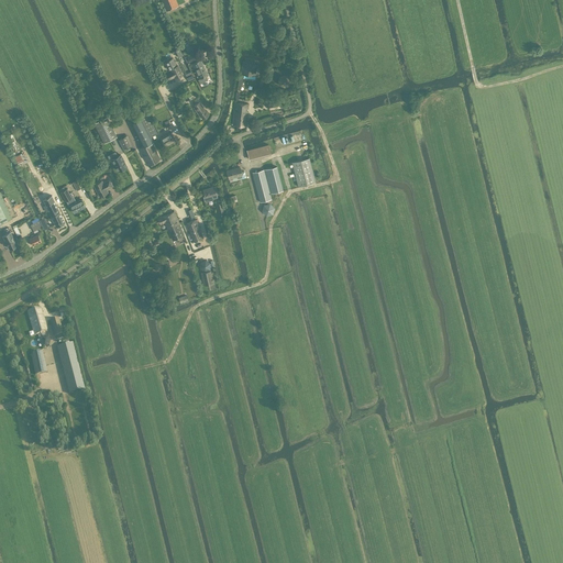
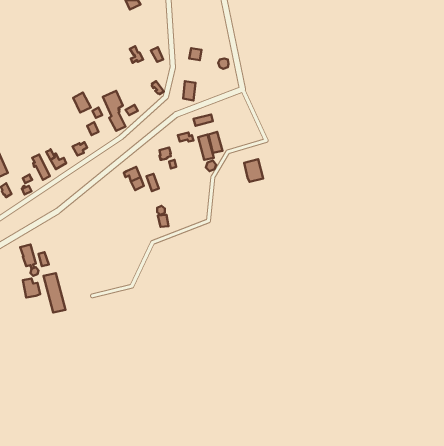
building: [289,157,313,186] -> [244,159,263,182]

